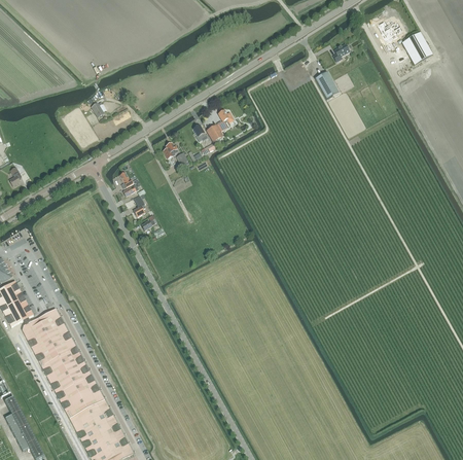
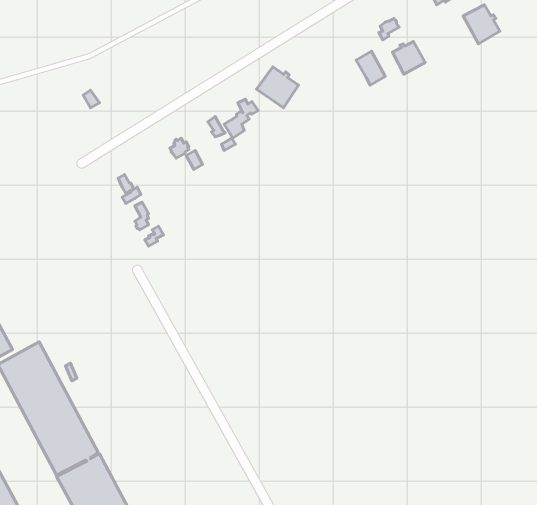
building: none -> [393,41,425,74]
building: none -> [256,67,299,108]

